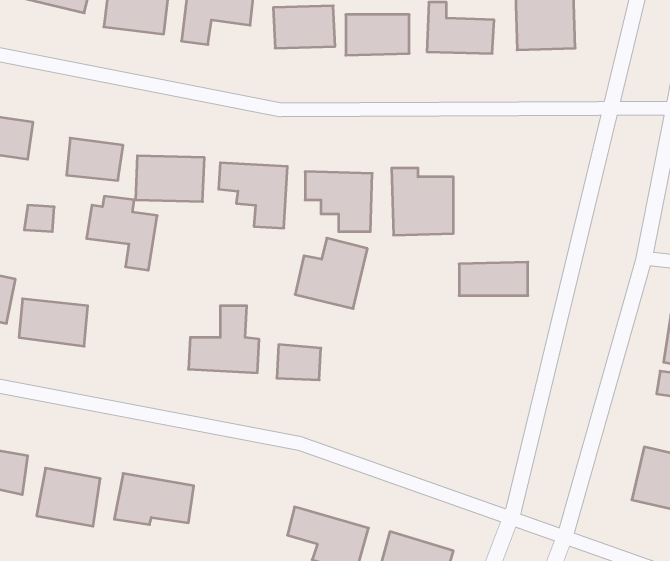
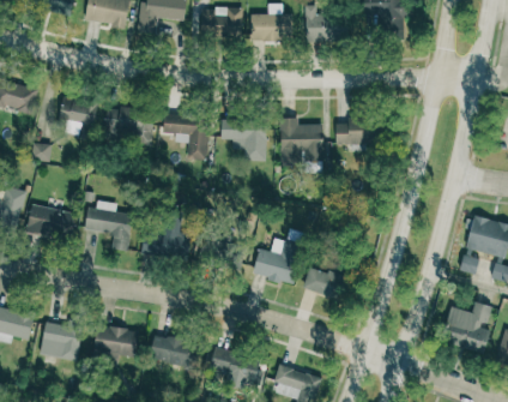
building: [87,196,157,270] -> [85,200,133,251]
building: [295,238,367,309] -> [253,236,302,284]
building: [459,262,528,296] -> [335,121,382,144]
building: none -> [303,266,347,300]
building: none -> [150,335,198,367]

